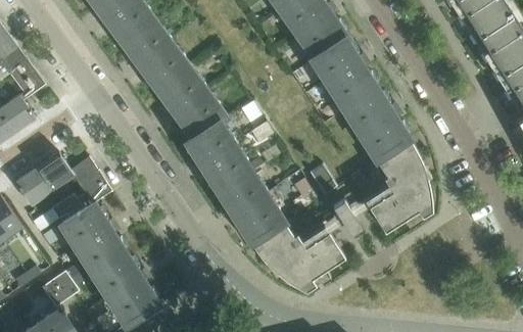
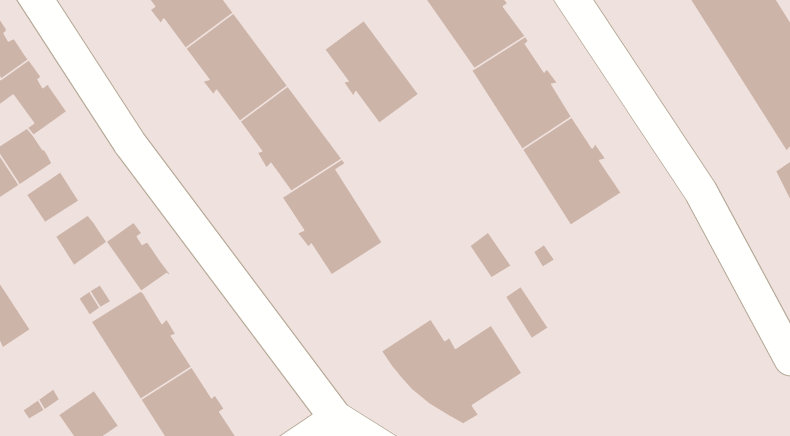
building: none -> [324,20,419,123]
building: [365,139,432,232] -> none
building: [14,168,49,201] -> [26,171,79,223]
building: [219,172,284,243] -> none

